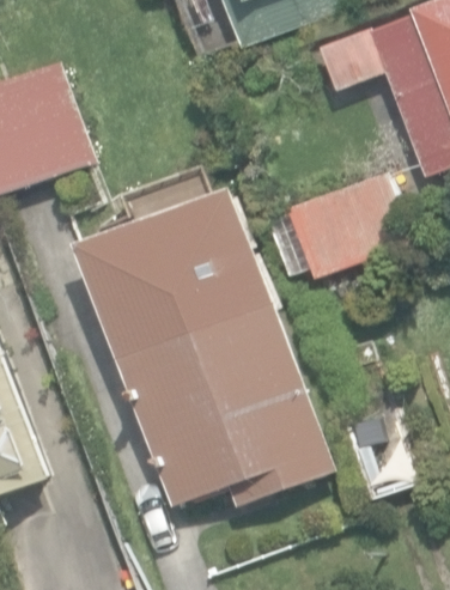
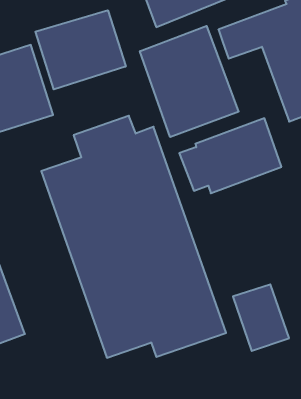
building: none -> [35,10,126,89]
building: none -> [140,26,239,137]

